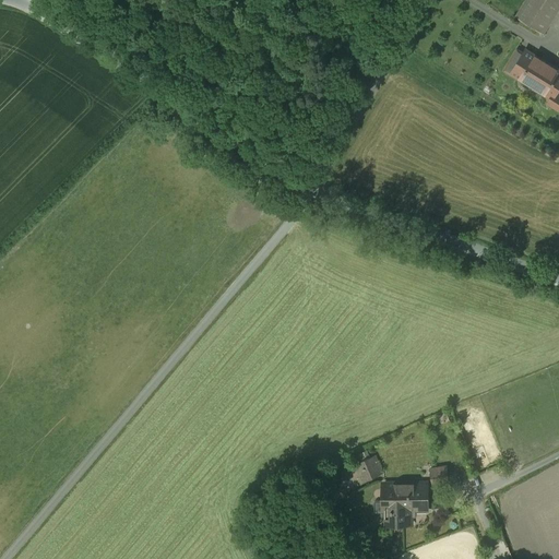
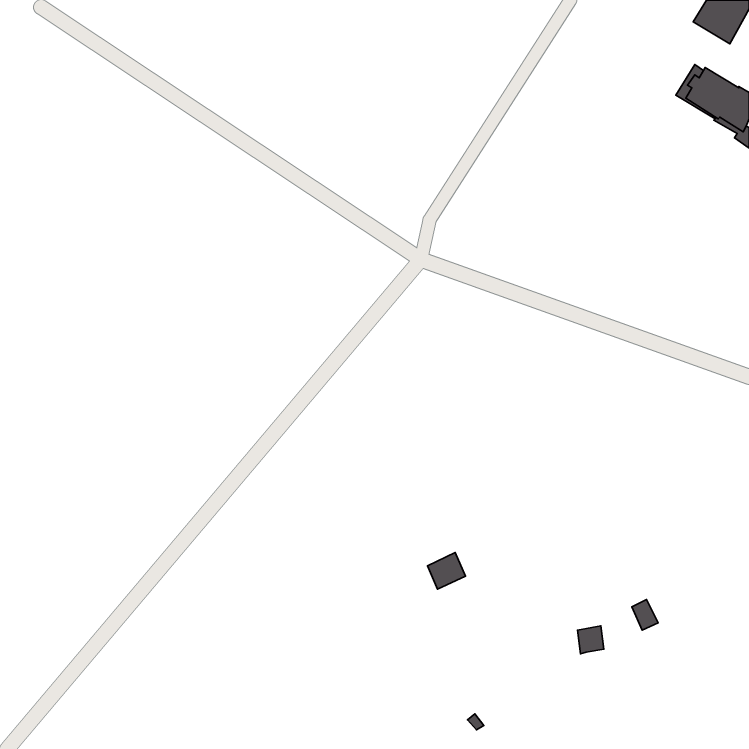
building: [355,455,383,483] -> [427,553,465,589]
building: [384,484,427,523] -> none

